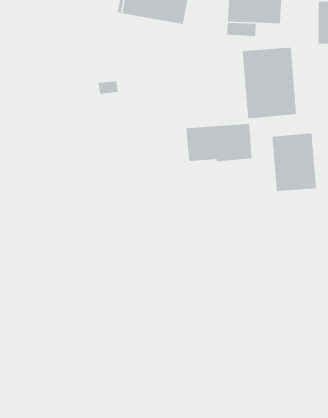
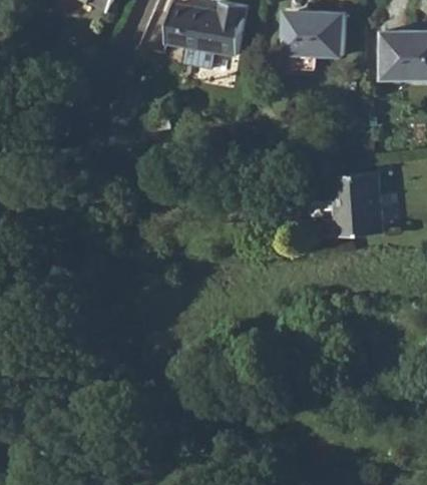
building: [242,47,297,119] -> none
building: [185,123,253,162] -> none

